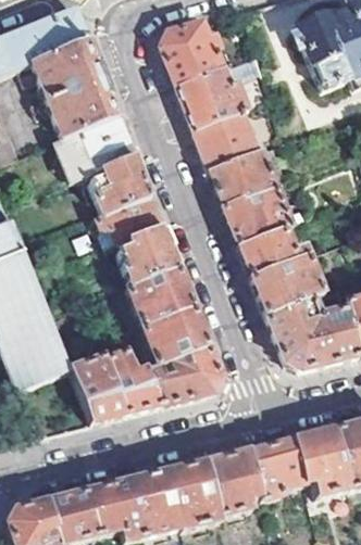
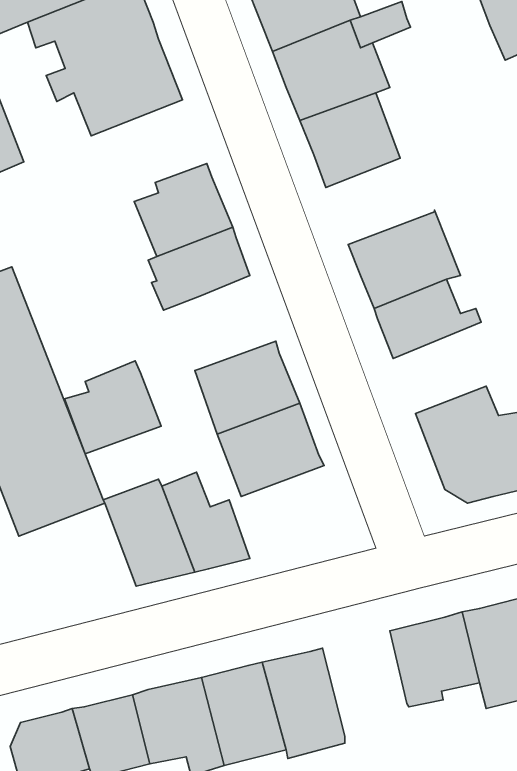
building: [58,114,135,178] -> none
building: [210,148,278,205] -> none
building: [117,225,178,283] -> [65,361,161,454]
building: [252,254,323,312] -> none
building: [149,344,221,403] -> none
building: [208,448,261,515] -> none

